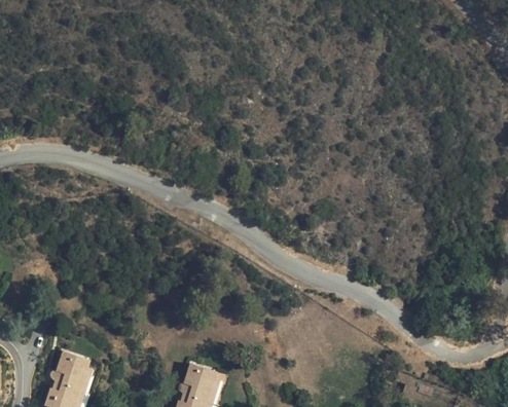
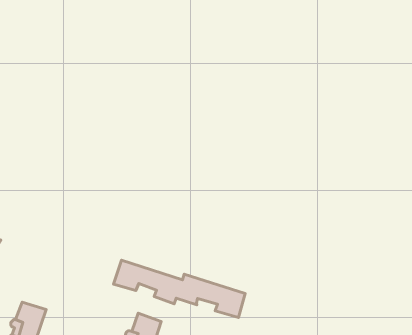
building: none -> [113,260,245,318]

